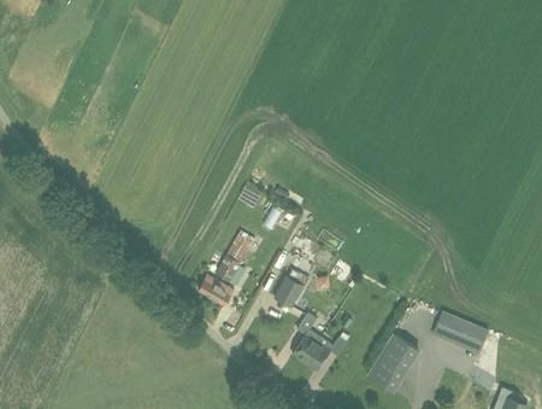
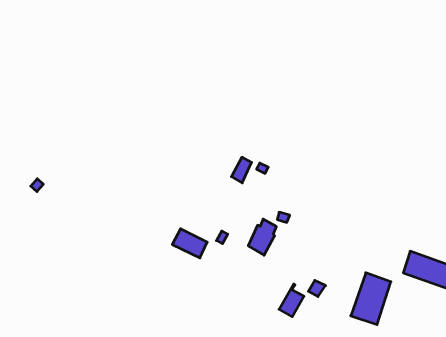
building: [216,228,255,281] -> none
building: [293,312,320,362] -> none

